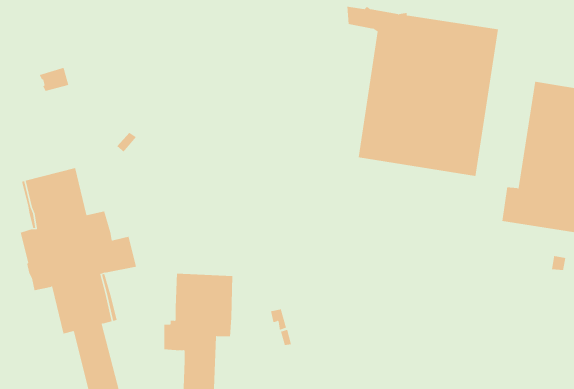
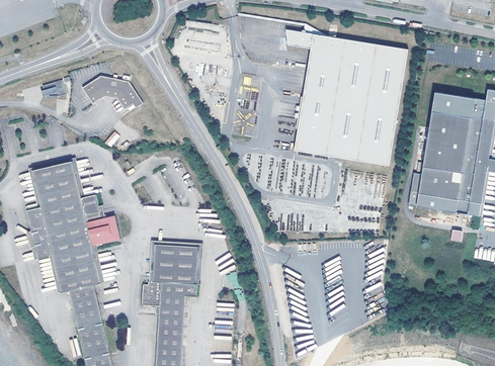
building: none -> [81,76,142,109]

